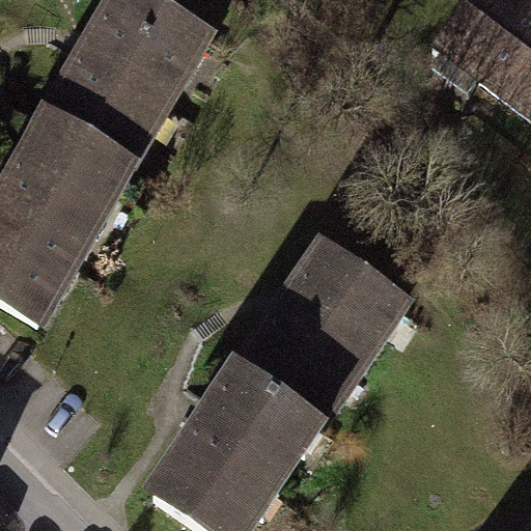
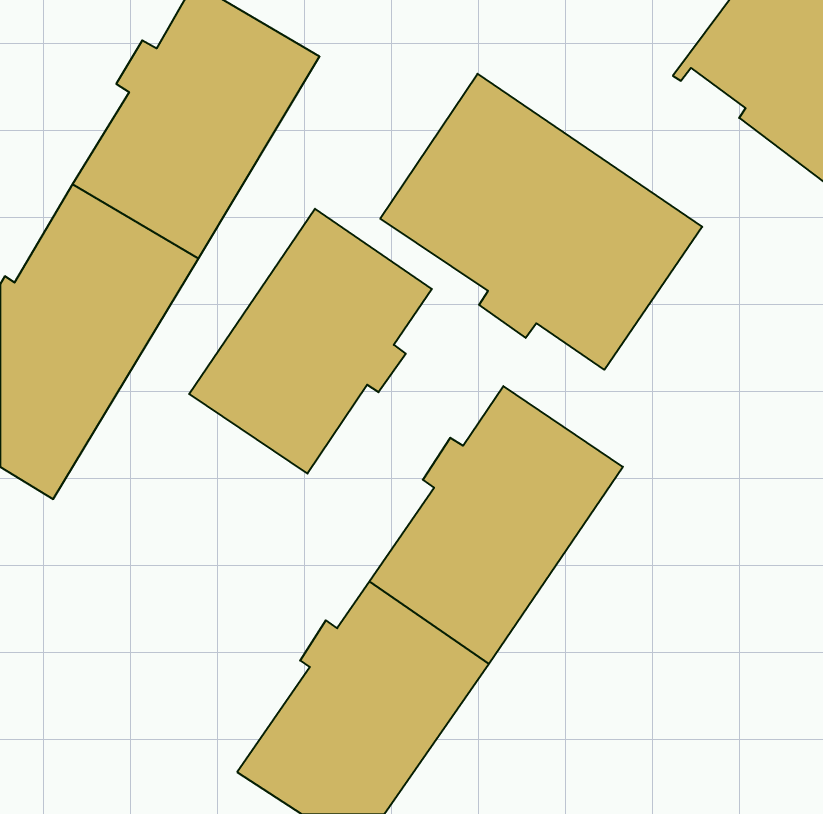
building: none -> [380,74,702,370]
building: none -> [189,209,432,474]

